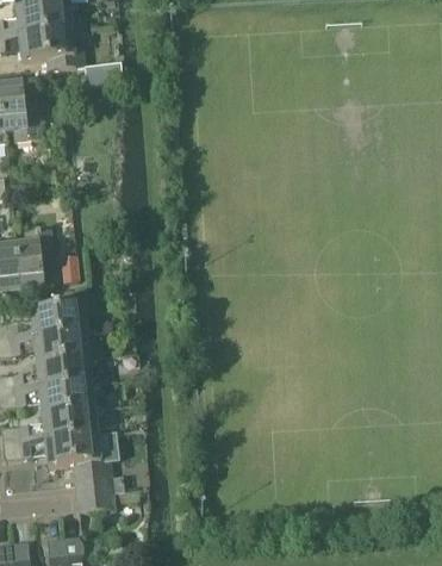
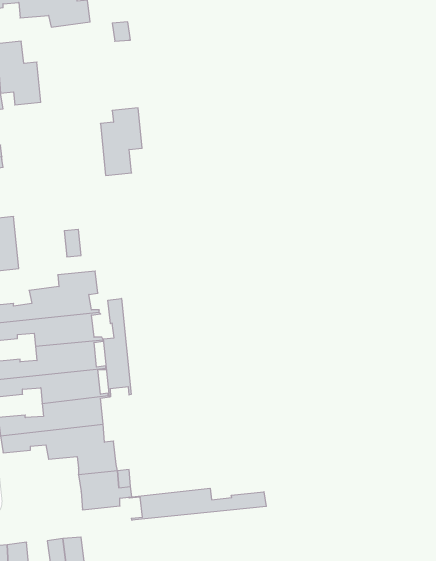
building: [14,229,52,291] -> [100,108,142,175]
building: none -> [103,298,131,397]
building: none -> [129,488,266,520]

